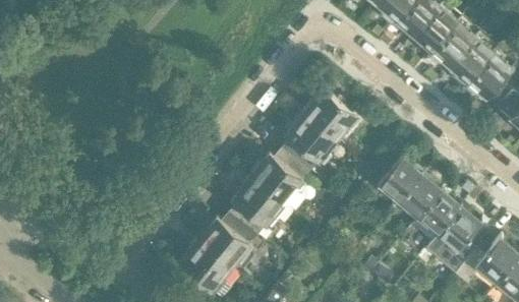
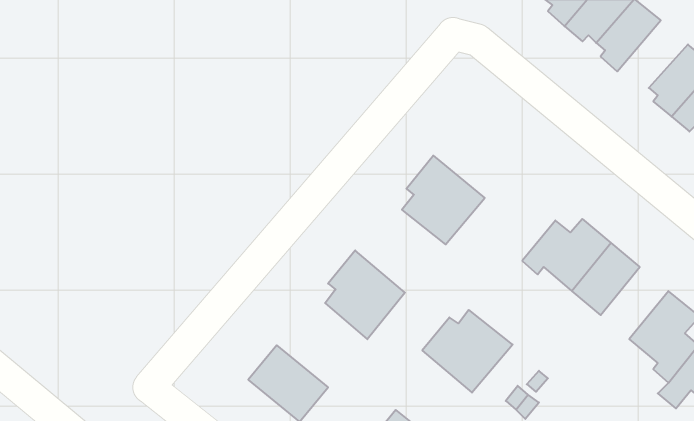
building: [427,21,475,67] -> none
building: [303,89,360,141] -> none
building: [250,149,311,205] -> [422,310,513,393]
building: [411,188,462,242] -> none
building: [197,213,258,269] -> none

